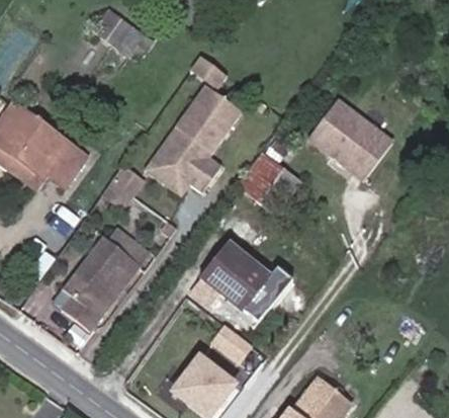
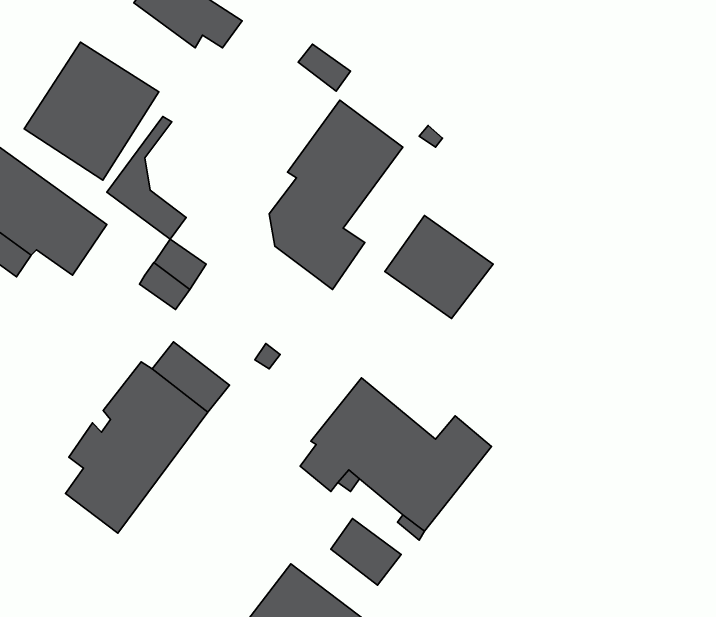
building: none -> [24,42,159,180]
building: [306,98,391,180] -> none
building: [154,128,198,196] -> [107,116,186,239]

